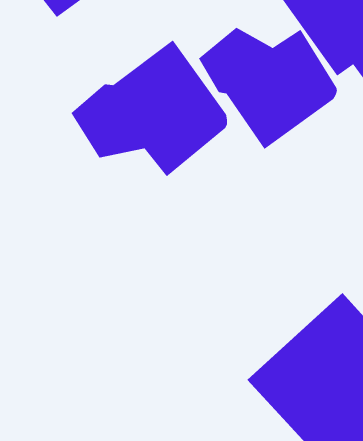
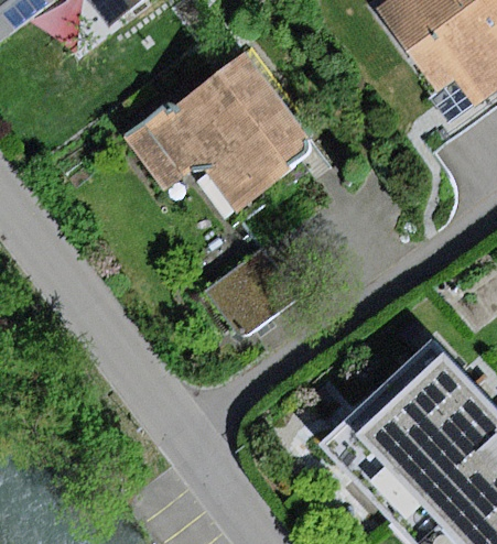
building: [198,27,337,150] -> none
building: none -> [203,247,295,333]

